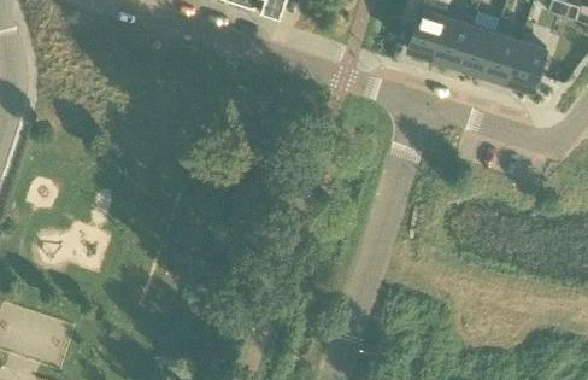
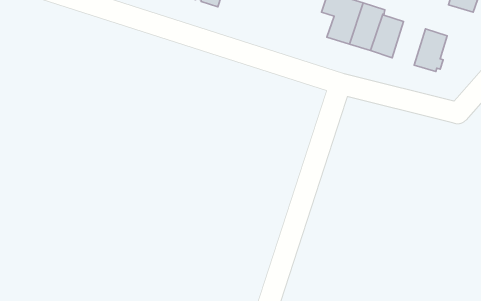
building: [481,33,519,83] -> none

